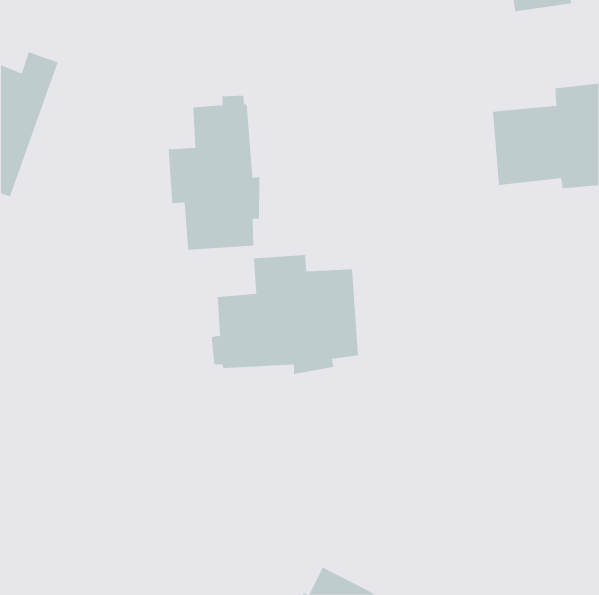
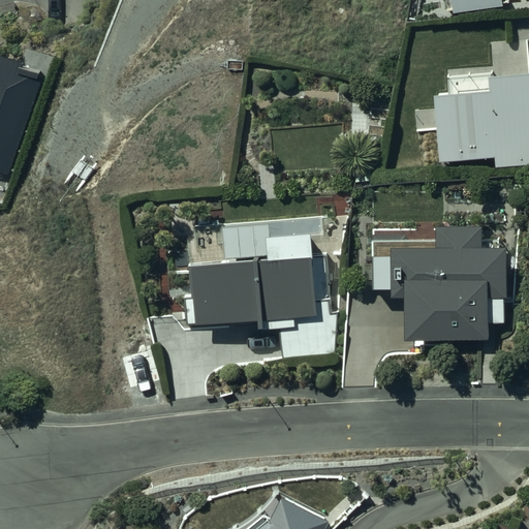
building: [168,95,260,251] -> none
building: none -> [372,222,507,340]

